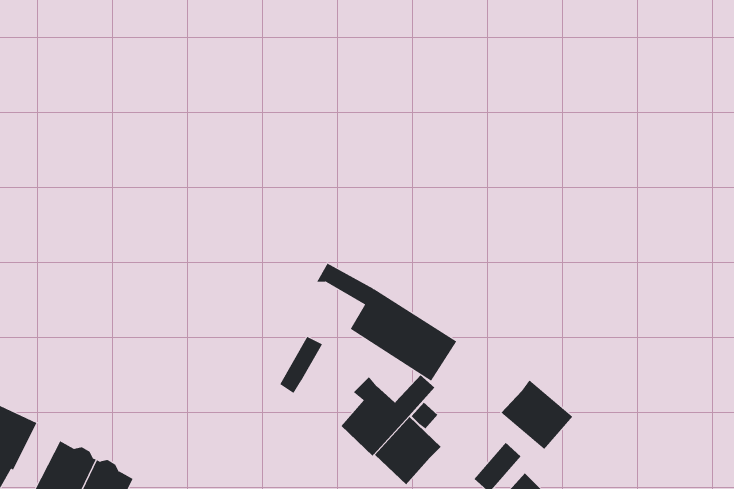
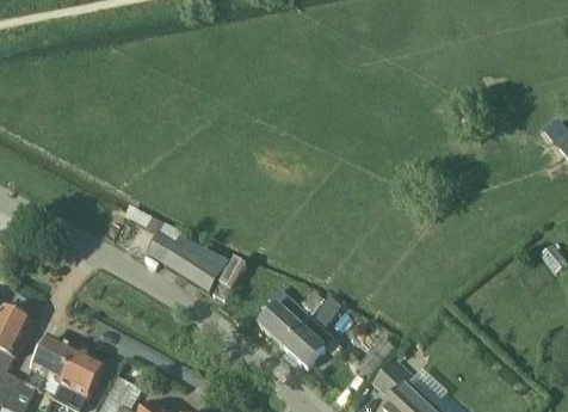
building: [316,263,457,382] -> [122,203,227,291]
building: [501,380,573,450] -> none

